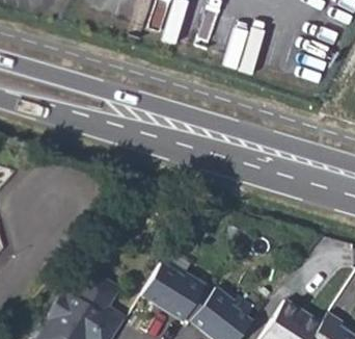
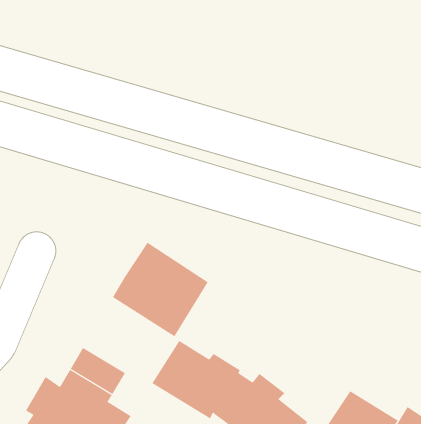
building: none -> [112,242,209,337]

